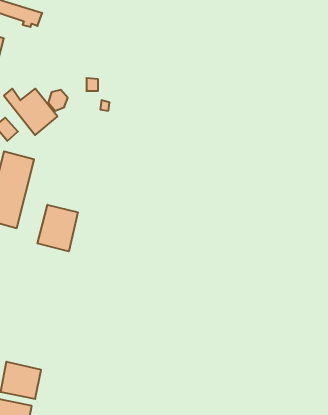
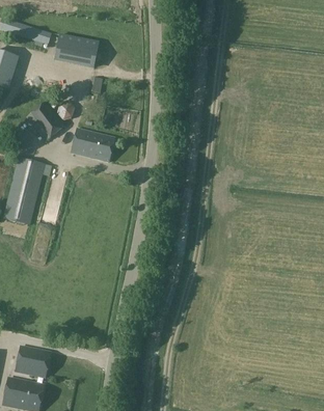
building: none -> [53,32,99,66]
building: none -> [71,129,114,162]
building: [37,205,78,251] -> none

